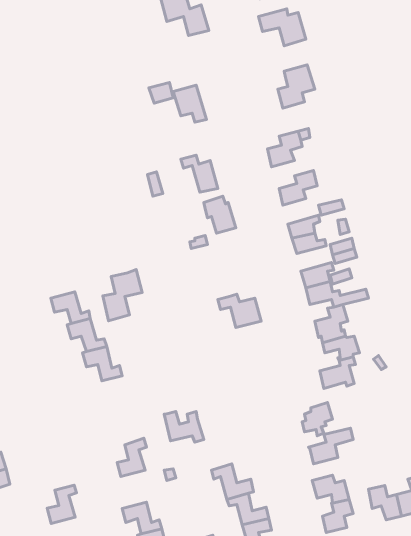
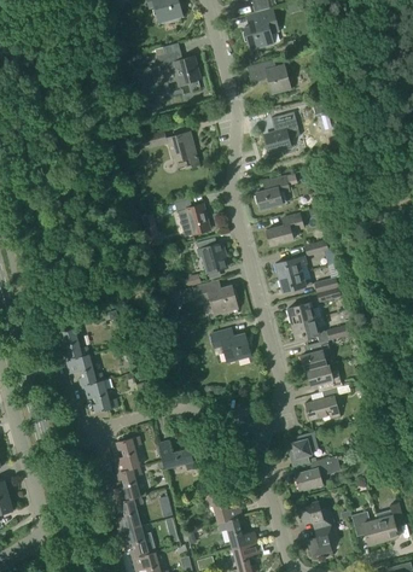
building: none -> [197,281,237,314]
building: [103,270,142,321] -> none
building: none -> [114,436,141,472]
building: [47,485,77,523] -> [115,496,142,532]

